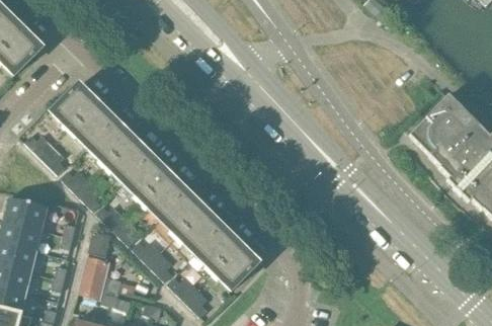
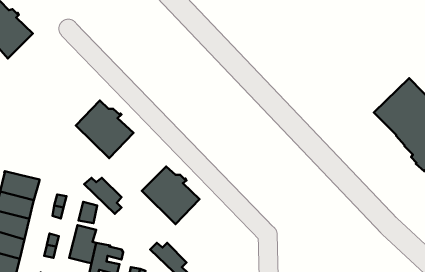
building: [51,86,112,148] -> none
building: [24,133,65,173] -> none
building: [122,156,184,219] -> none
building: [61,170,100,209] -> none
building: [194,228,256,291] -> none
building: [132,240,171,279] -> none

